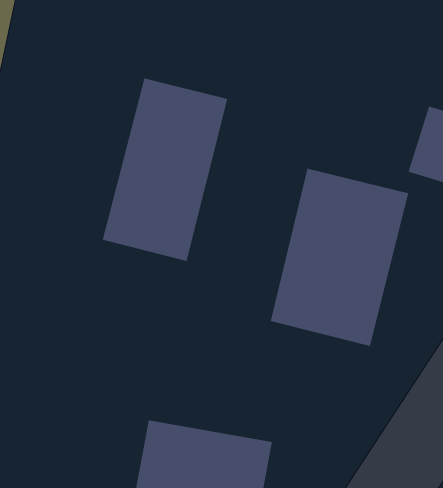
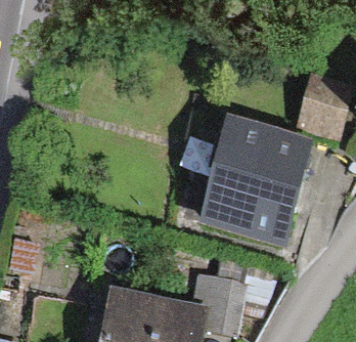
building: [102,77,228,262] -> none

